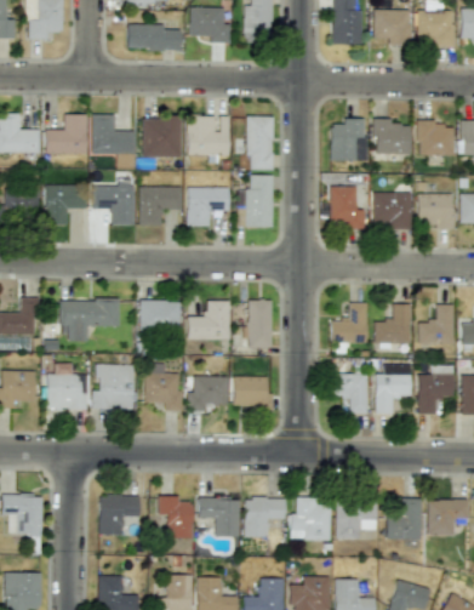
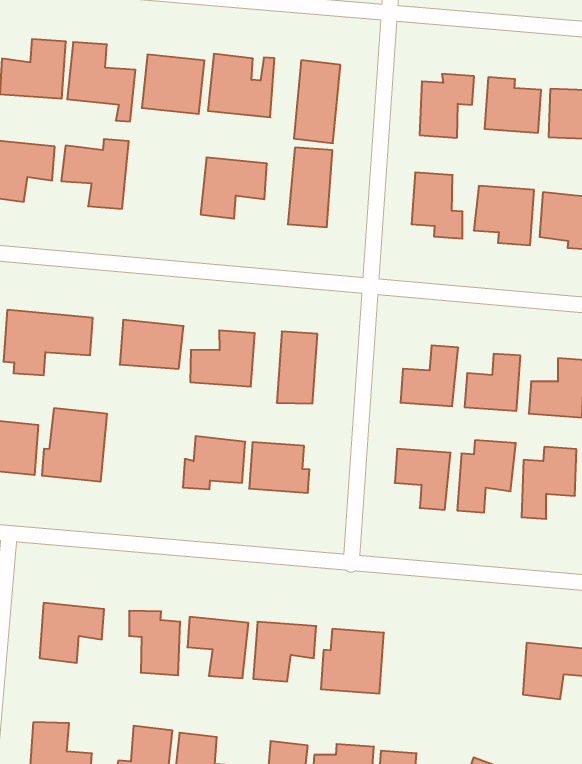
building: [139,187,182,226] -> none
building: [144,364,181,411] -> none
building: [387,498,422,540] -> none
building: [336,504,377,540] -> none

